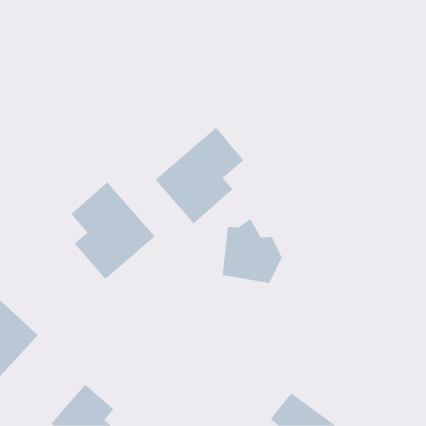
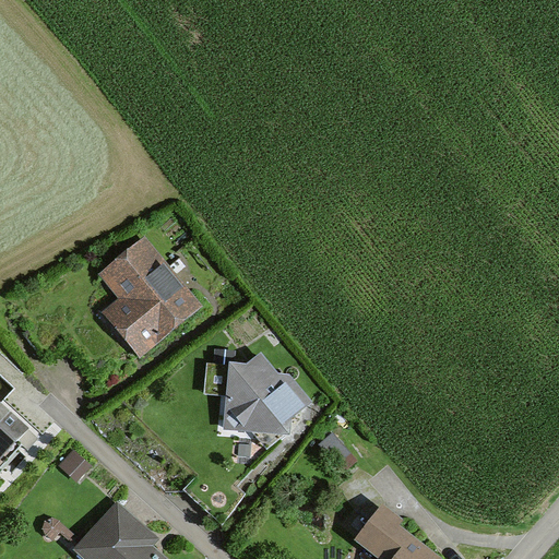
building: [155,127,244,224] -> none
building: [222,218,282,284] -> [223,354,301,439]

